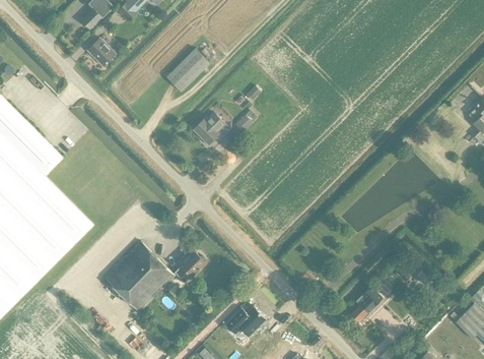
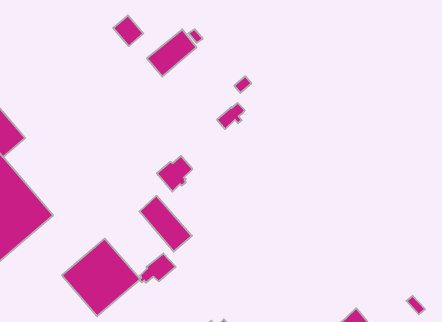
building: [87,38,115,65] -> [113,15,143,46]
building: [193,112,224,144] -> [157,156,192,192]
building: none -> [139,196,192,252]

